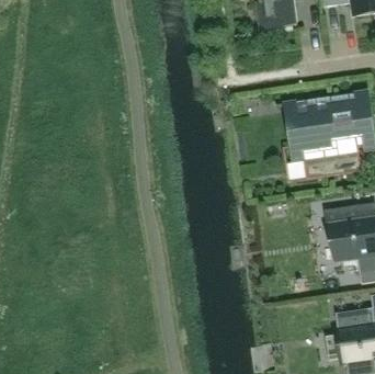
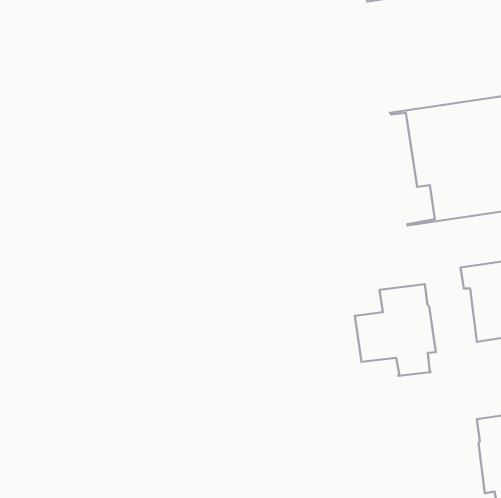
building: none -> [355,284,436,376]

